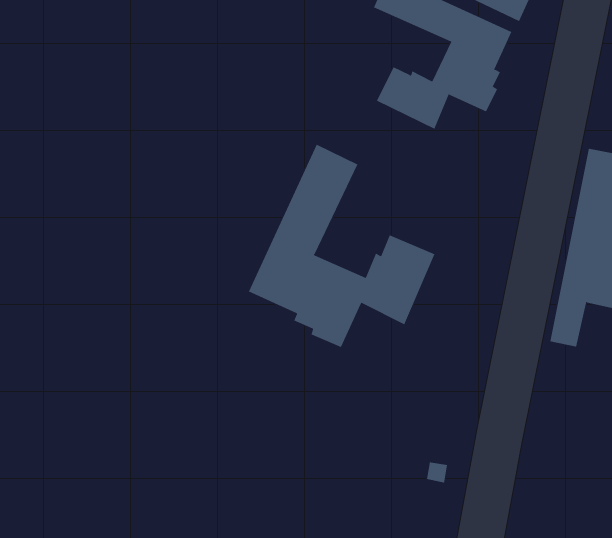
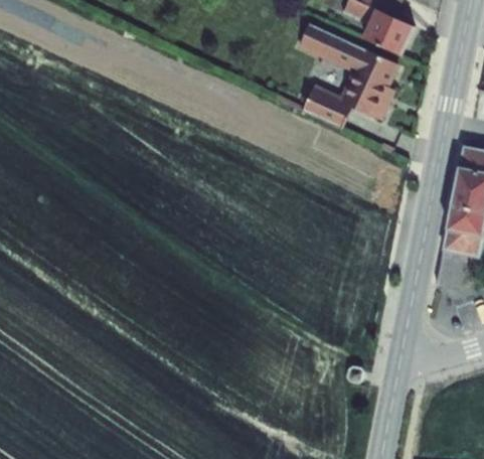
building: [248,144,435,348] -> none

